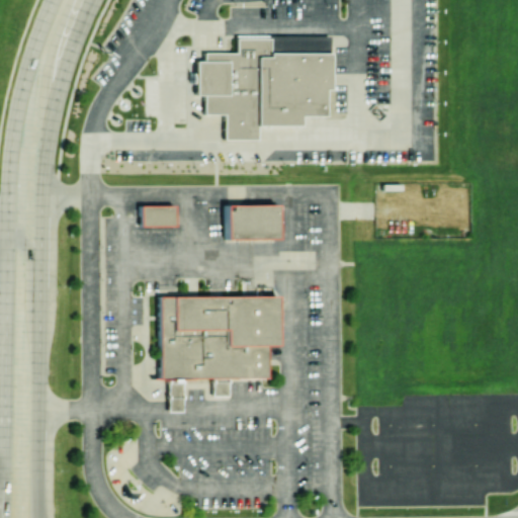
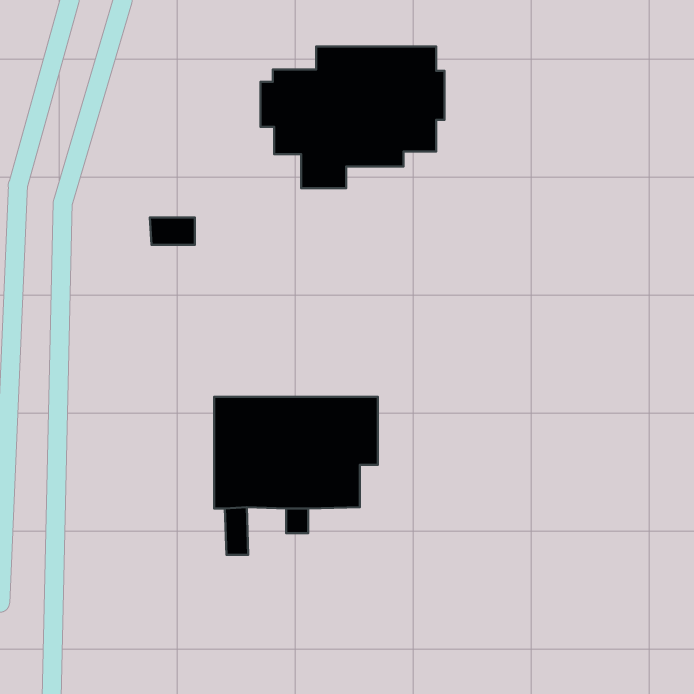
building: [141,205,174,226] -> [150,217,195,245]
building: [228,205,278,240] -> none

